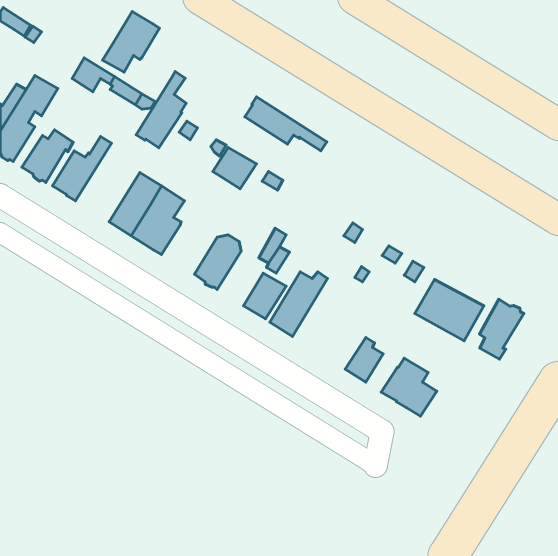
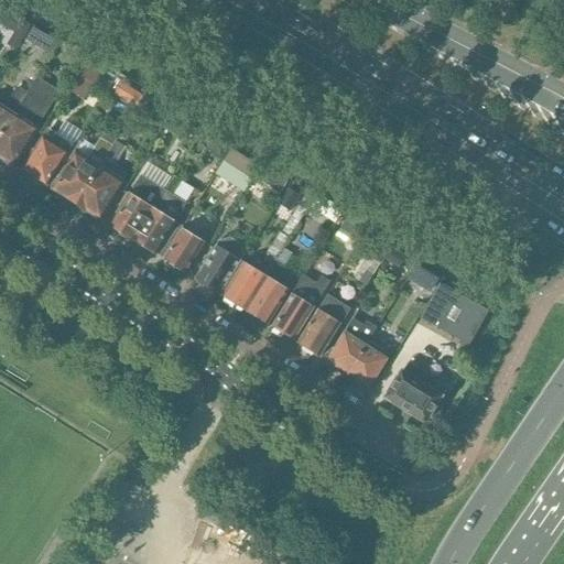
building: [103,11,159,72] -> none
building: [136,71,186,148] -> [76,139,127,216]
building: [245,97,327,151] -> none
building: none -> [163,227,210,271]
building: none -> [223,261,265,308]
building: none -> [297,292,350,355]
building: [479,299,524,359] -> none
building: none -> [327,317,376,372]

